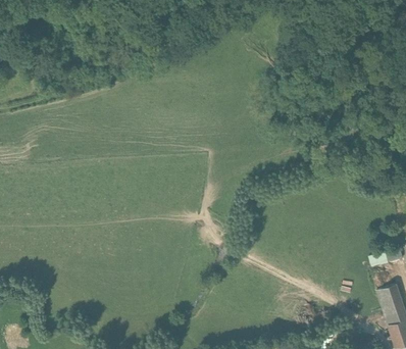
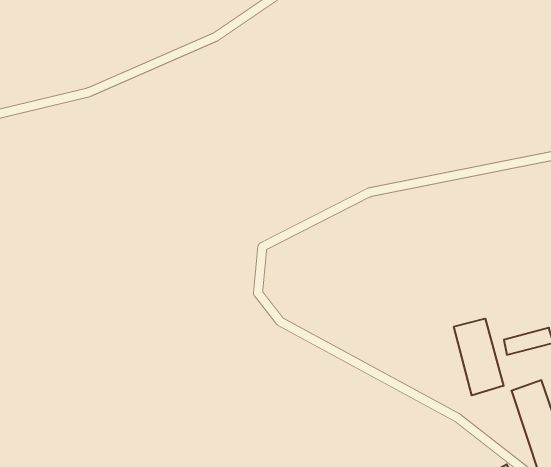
building: none -> [454,319,504,395]

